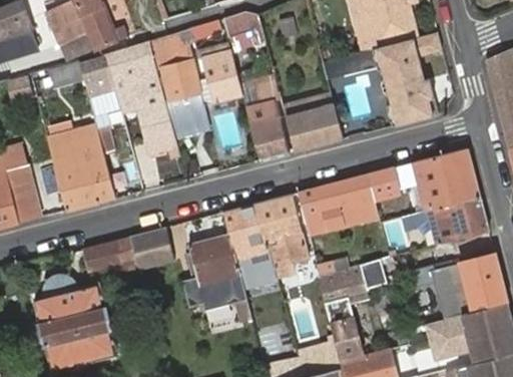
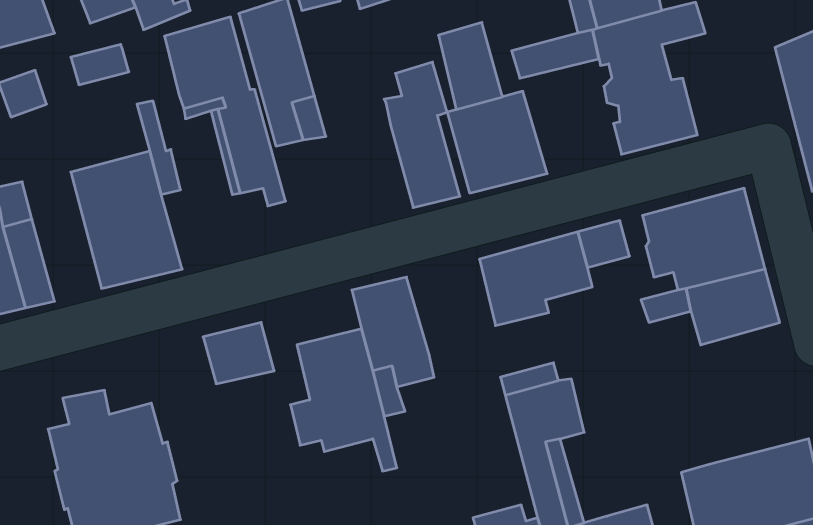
building: [204,49,244,103] -> [438,22,503,110]
building: [81,54,116,96] -> none
building: [258,195,308,274] -> none
building: [88,241,142,286] -> none
building: [411,254,505,320] -> none

